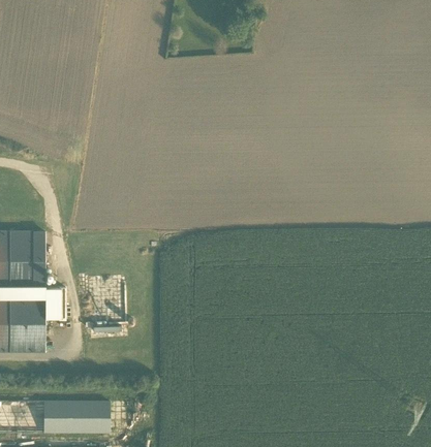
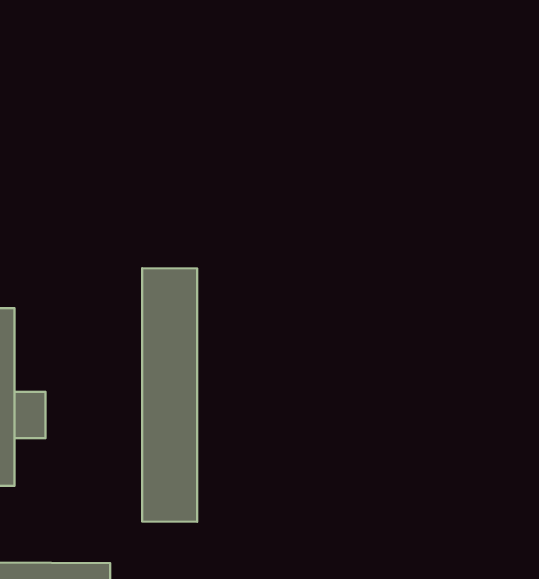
building: none -> [142,268,197,522]

